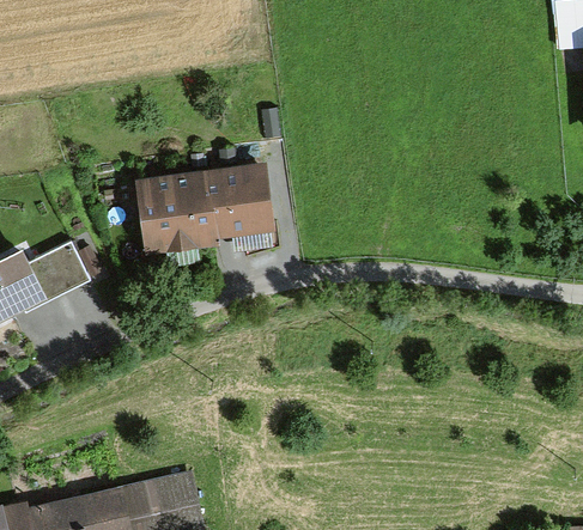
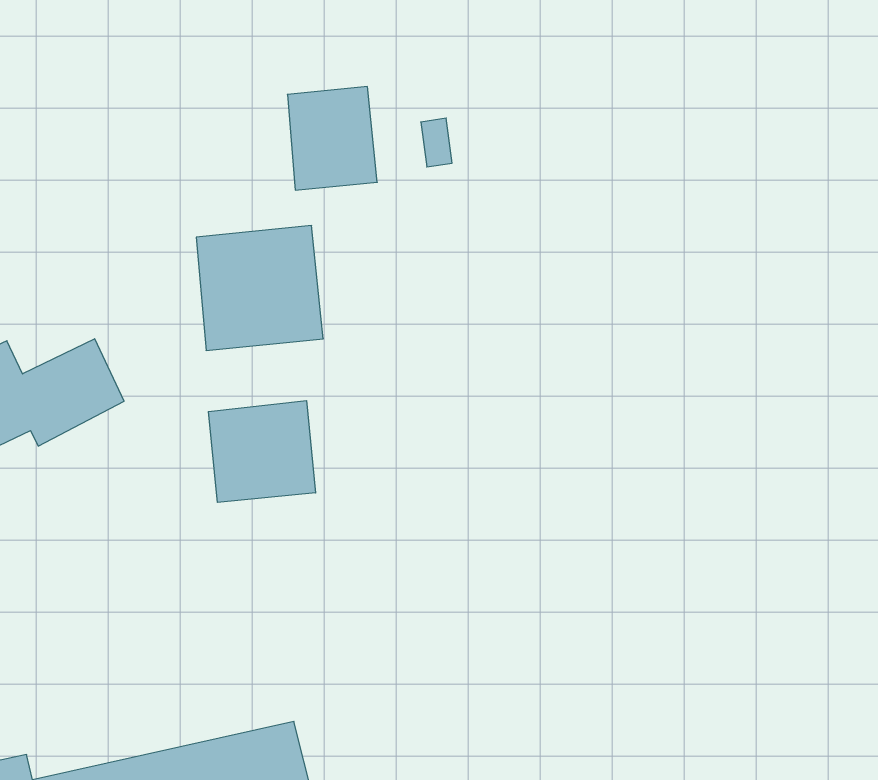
building: [219,166,274,230] -> [287,87,377,190]
building: none -> [208,401,316,502]

